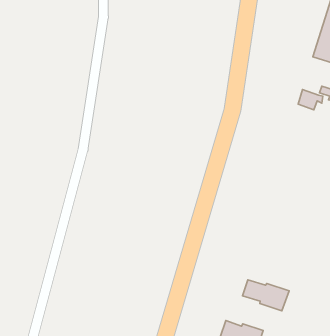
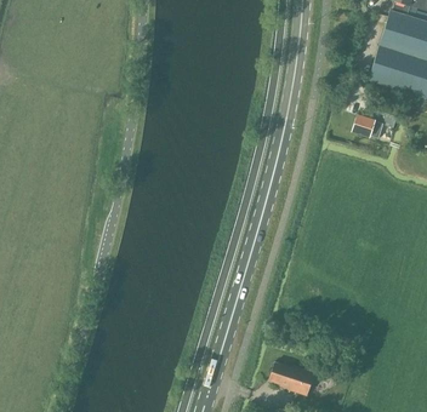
building: [243,280,289,311] -> none

